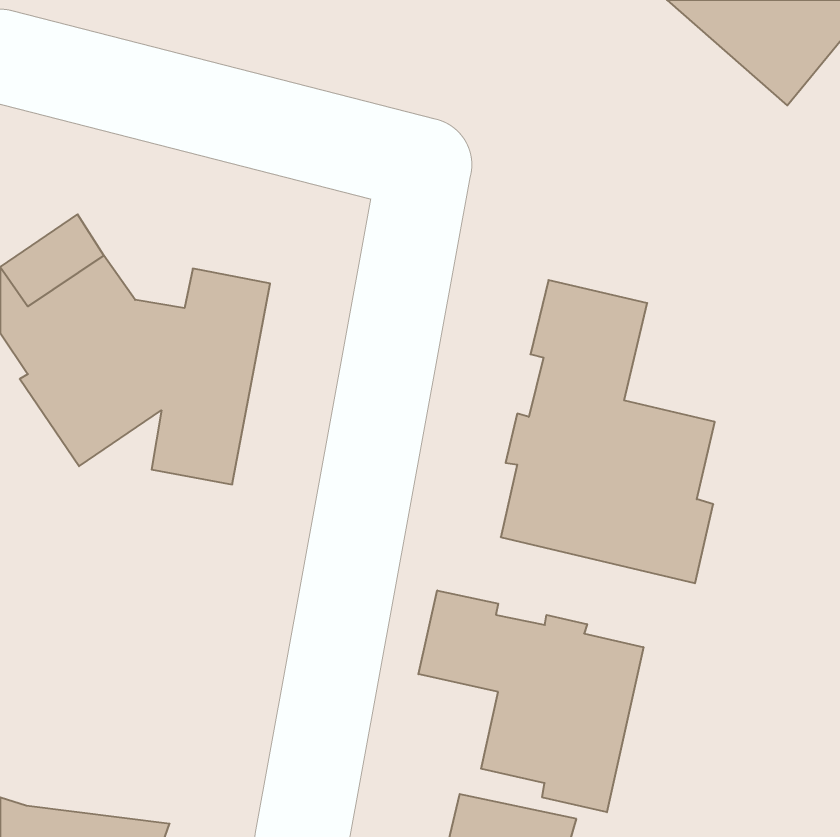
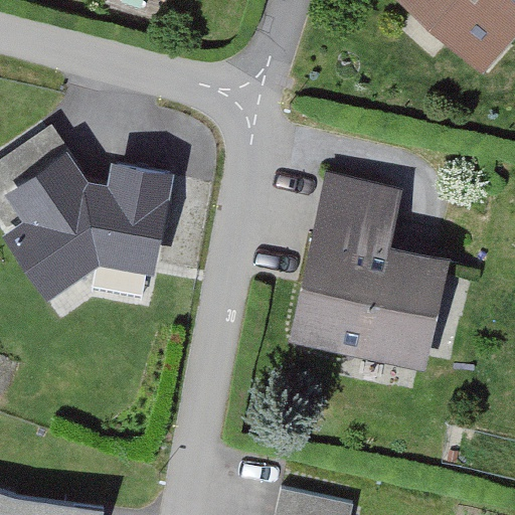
building: [418,590,643,812] -> none

